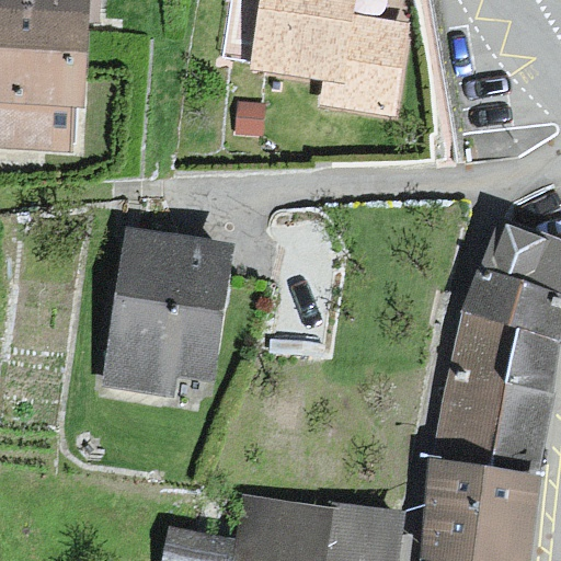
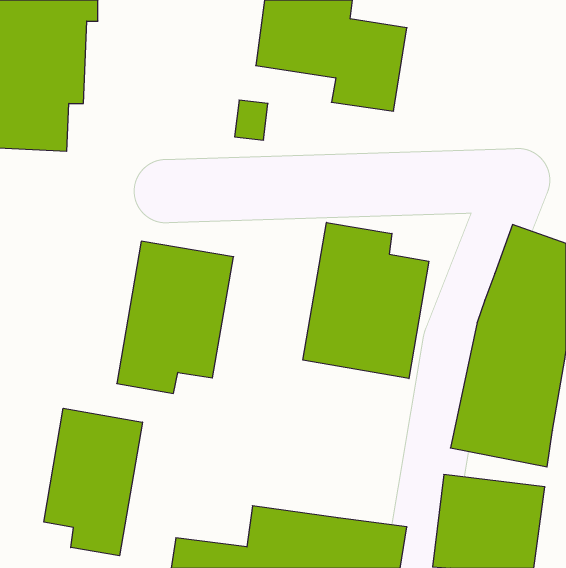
building: none -> [303,222,429,379]
building: none -> [44,408,142,556]

